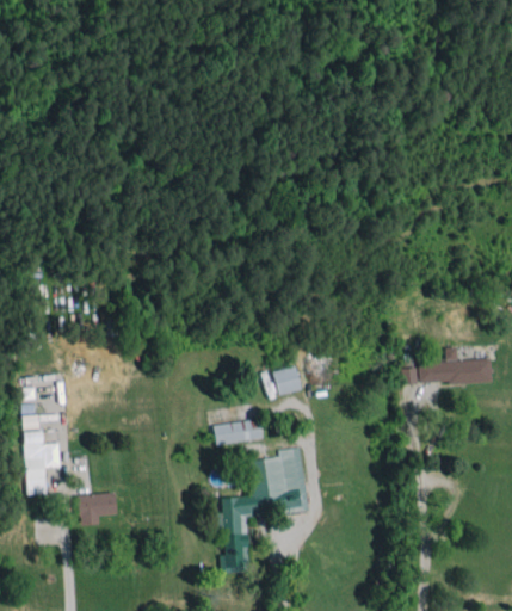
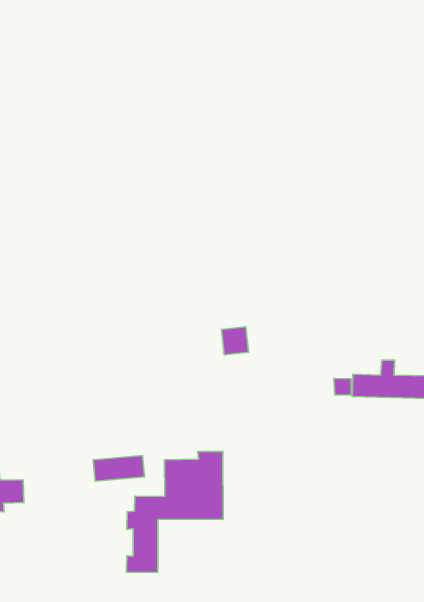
building: [273,366,301,395] -> [222,327,248,355]
building: [212,418,263,446] -> [93,455,144,481]

